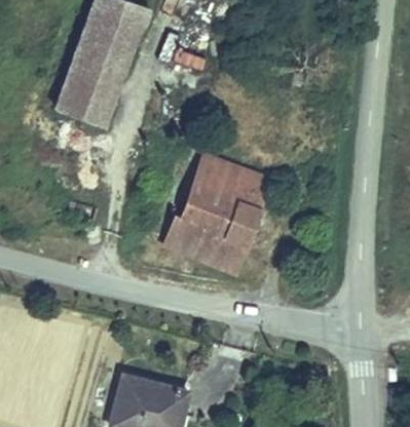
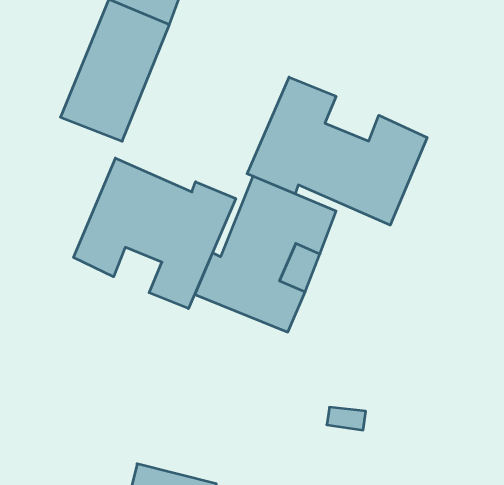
building: none -> [247,77,427,225]
building: none -> [74,158,236,309]

